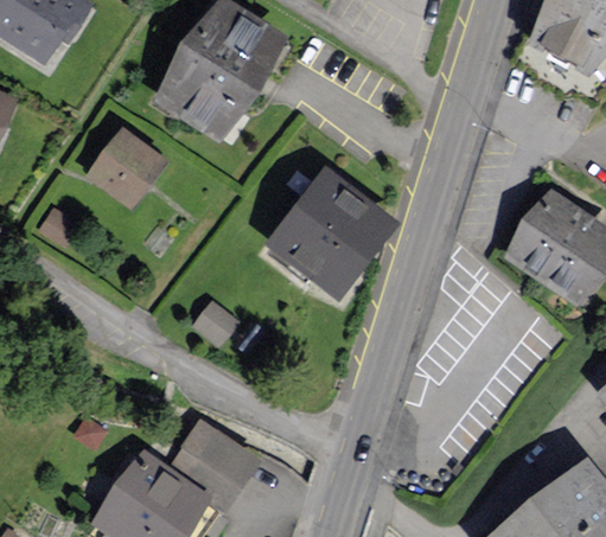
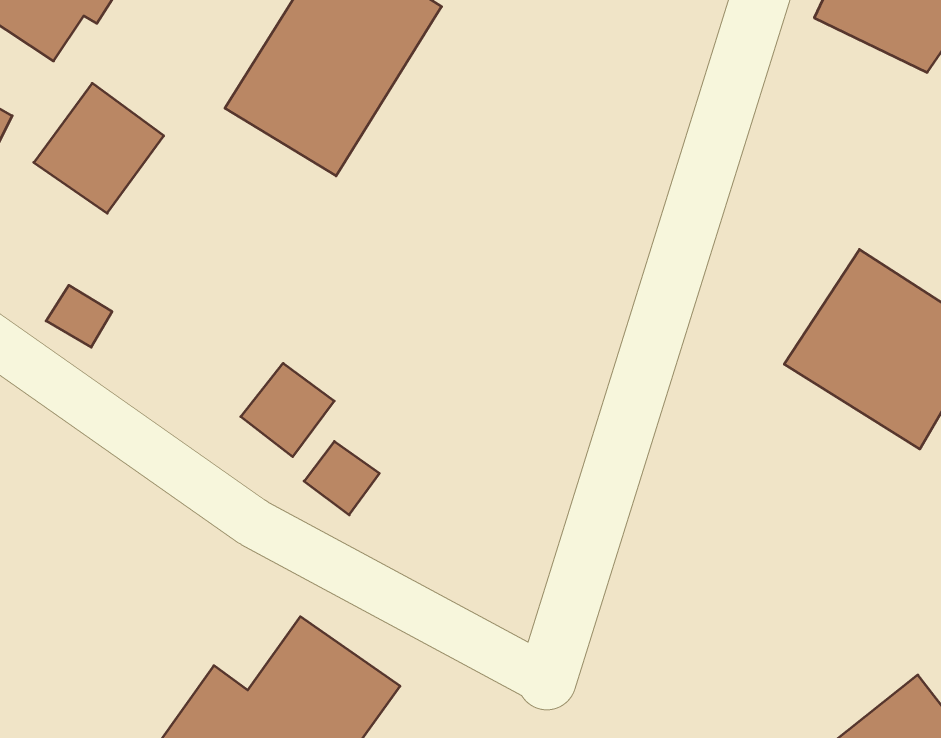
building: [87,126,168,207] -> [34,83,164,213]
building: [261,164,401,303] -> none
building: none -> [241,363,334,457]

